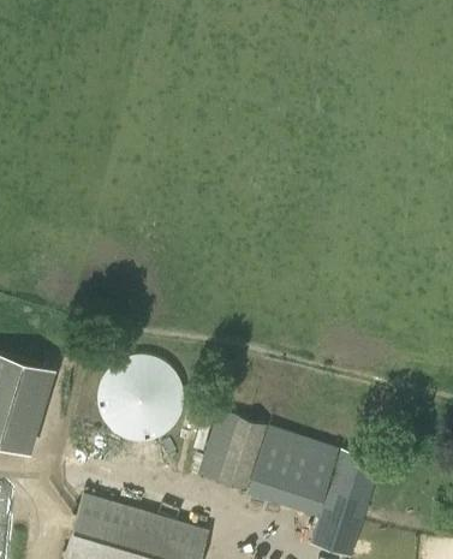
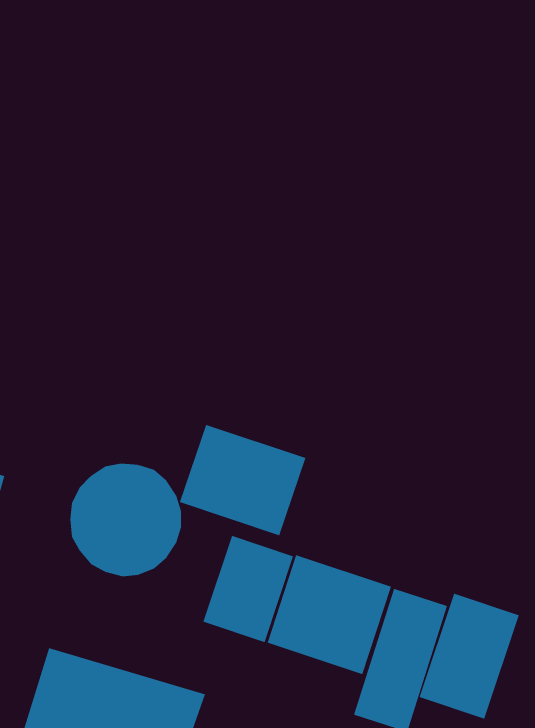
building: none -> [179,424,306,536]
building: none -> [419,593,519,720]

